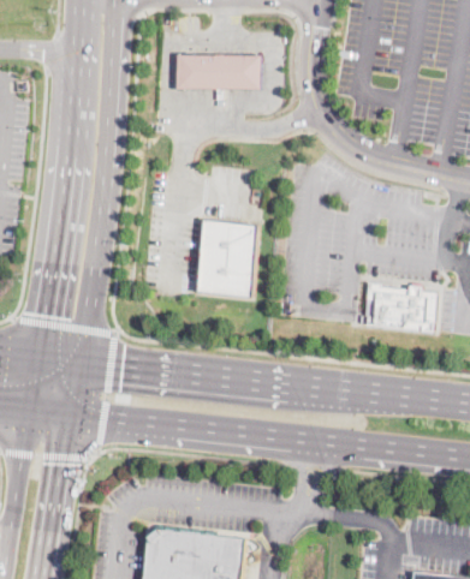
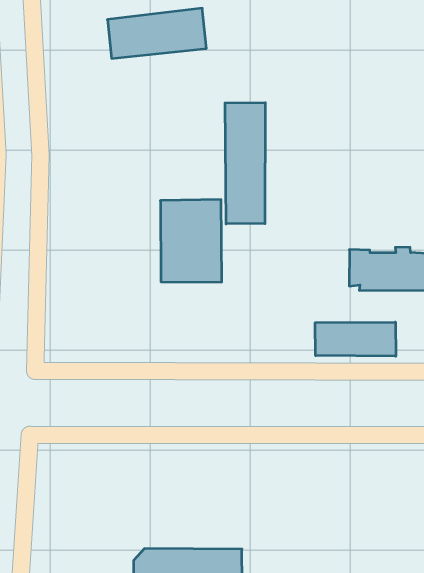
building: none -> [225,103,265,224]
building: none -> [315,322,396,356]

